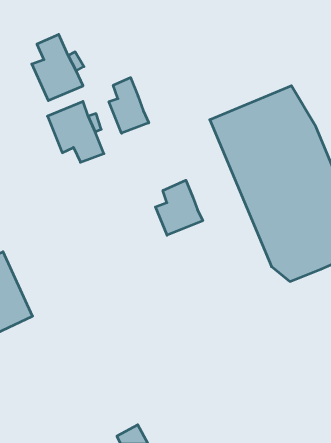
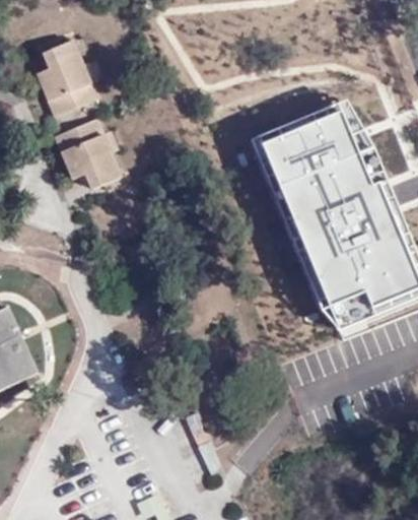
building: [109,78,149,133] -> none
building: [155,180,203,235] -> none

